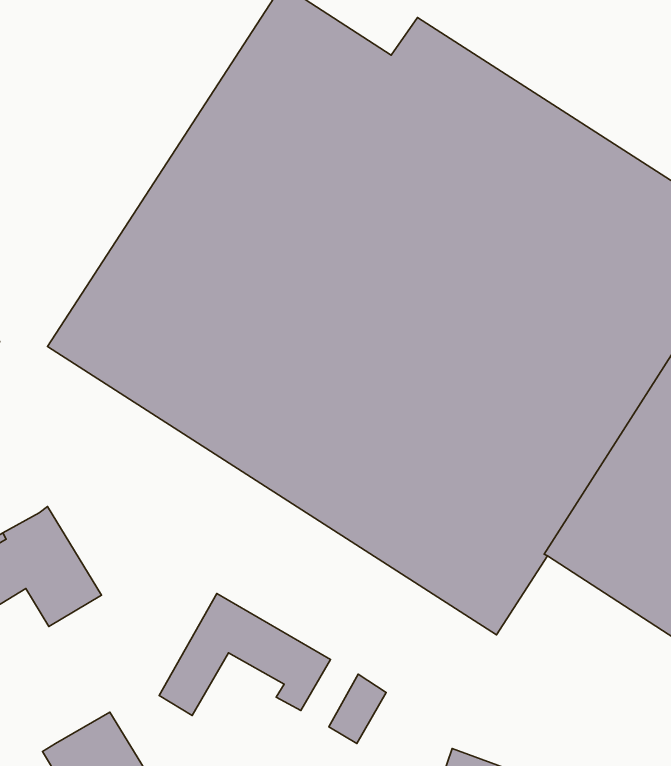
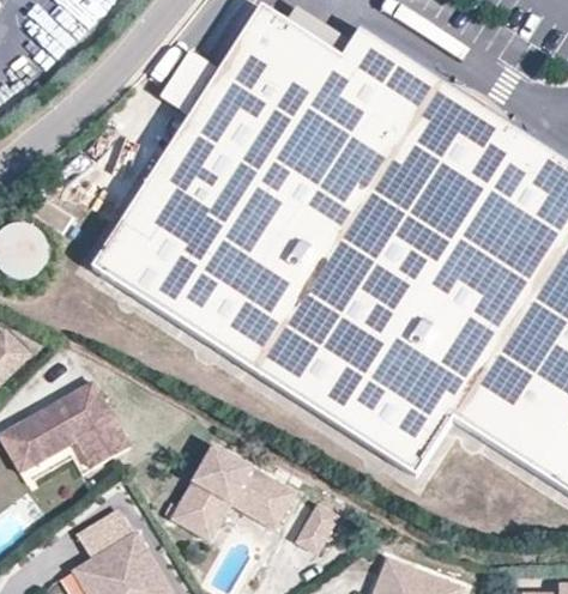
building: none -> [195,489,262,541]
building: none -> [81,508,135,554]

